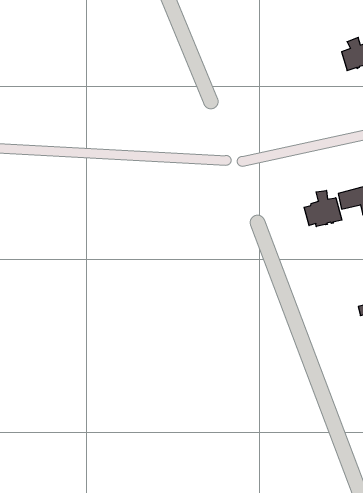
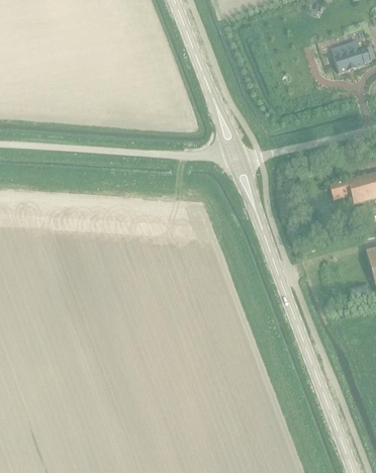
building: [304,190,342,227] -> none

